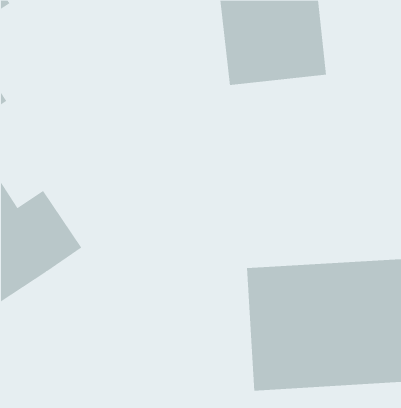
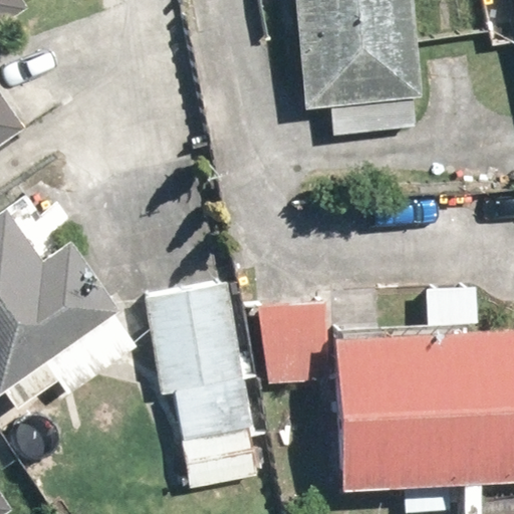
building: none -> [147,281,253,441]

